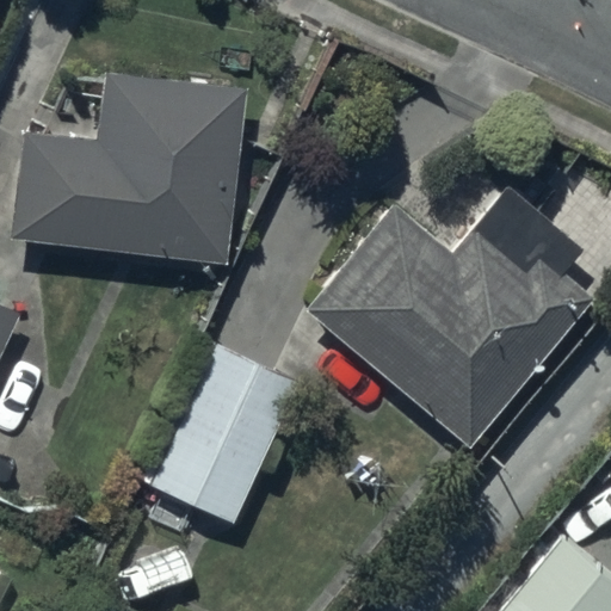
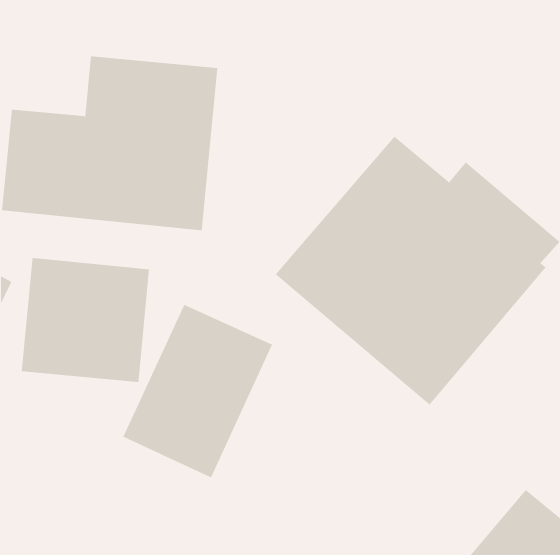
building: none -> [21,257,149,383]

